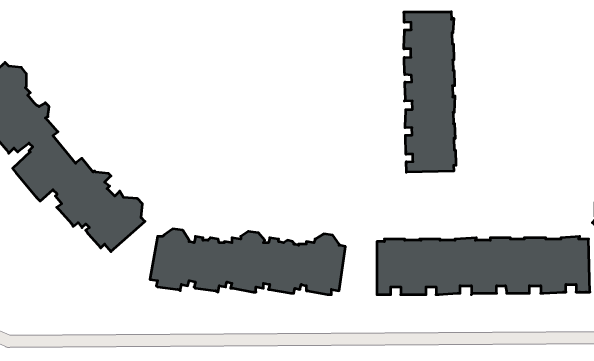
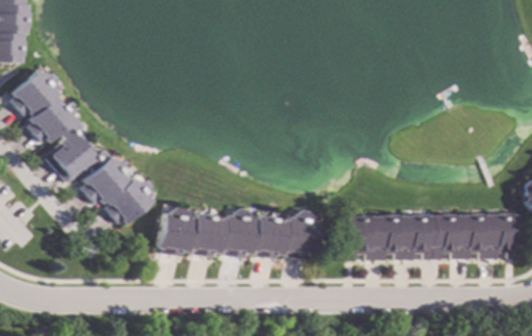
building: [404,12,456,172] -> none

